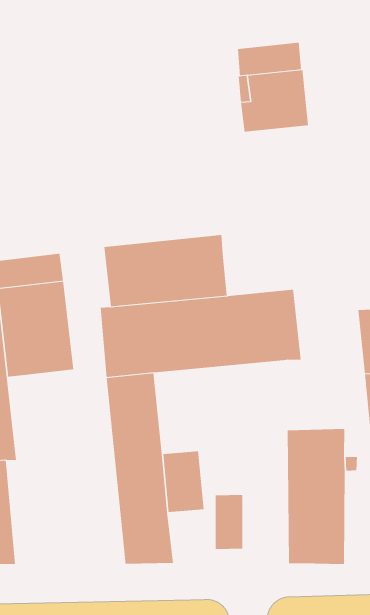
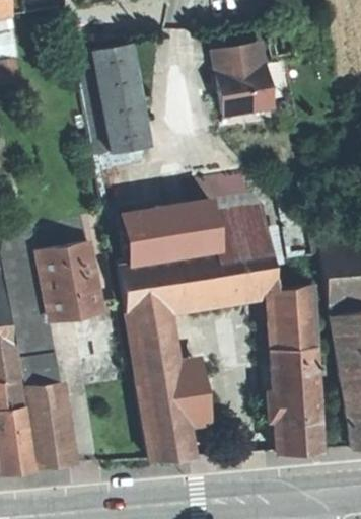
building: none -> [77,53,150,156]
building: none -> [214,207,271,247]
building: none -> [269,288,317,350]
building: [215,494,243,550] -> none

